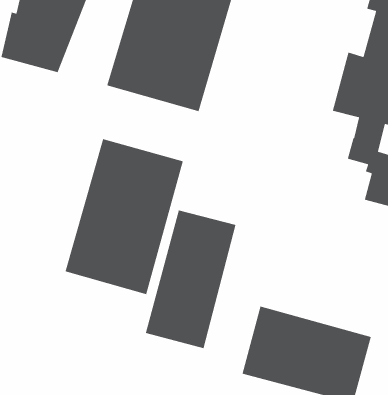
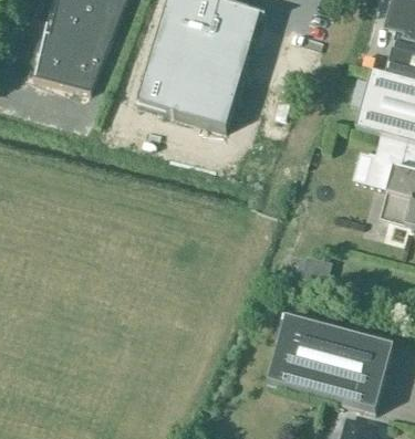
building: [64,138,184,295] -> none
building: [145,209,236,349] -> none

